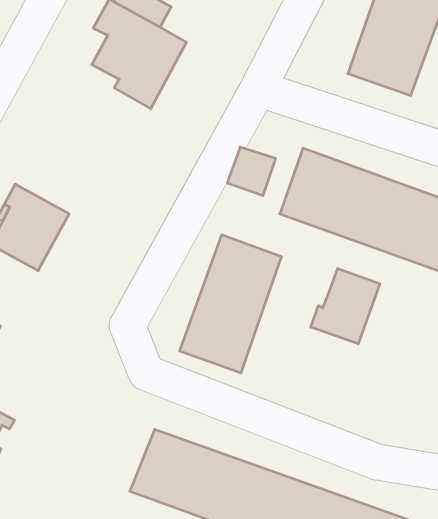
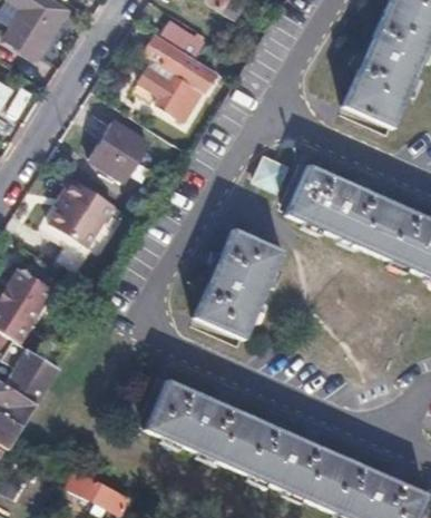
building: none -> [90,121,150,180]
building: [311,268,380,344] -> none

